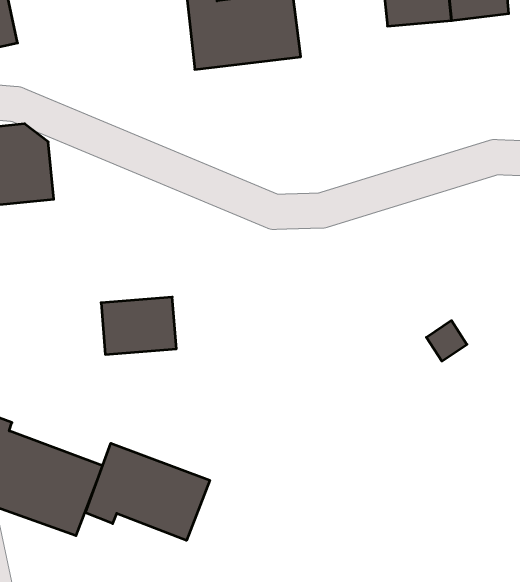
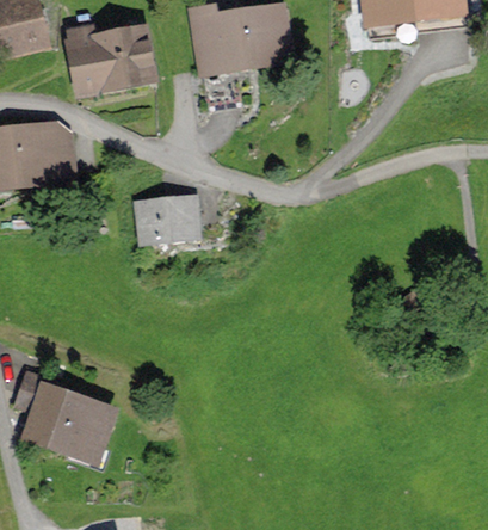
building: none -> [69,23,155,94]
building: [101,297,176,354] -> [136,193,200,242]
building: [86,443,210,540] -> none

